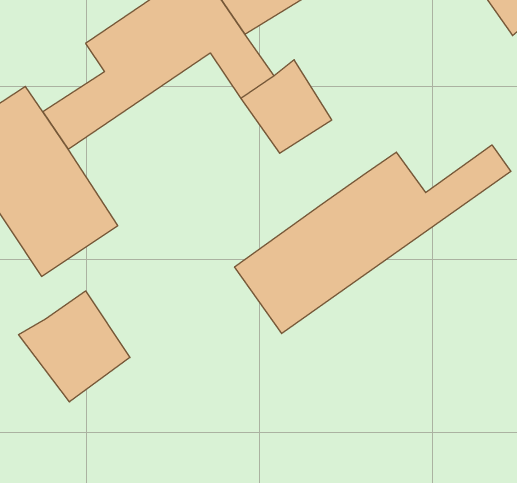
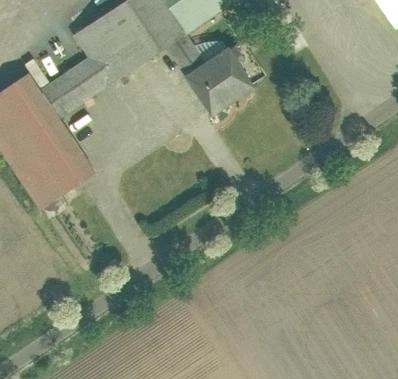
building: [235,145,511,334] -> none
building: [19,291,130,402] -> none

